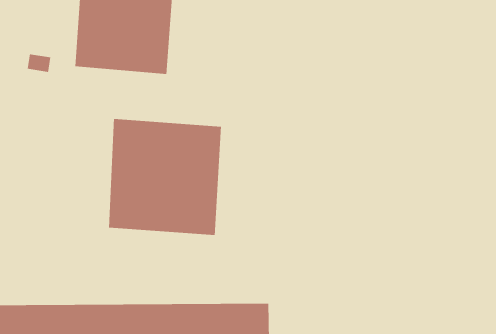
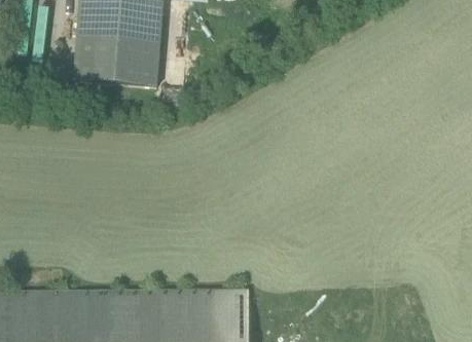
building: [108,118,221,236] -> none

